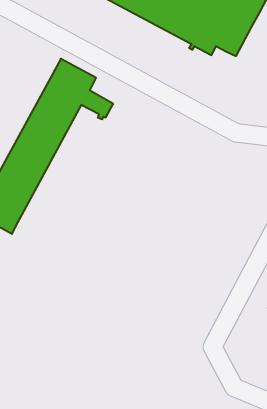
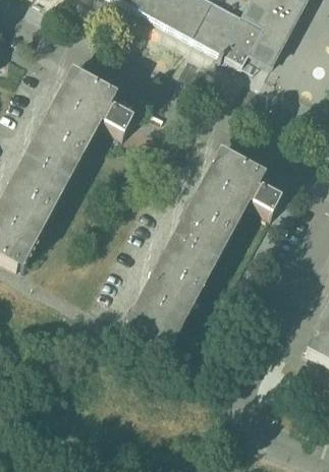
building: none -> [127,149,281,346]

